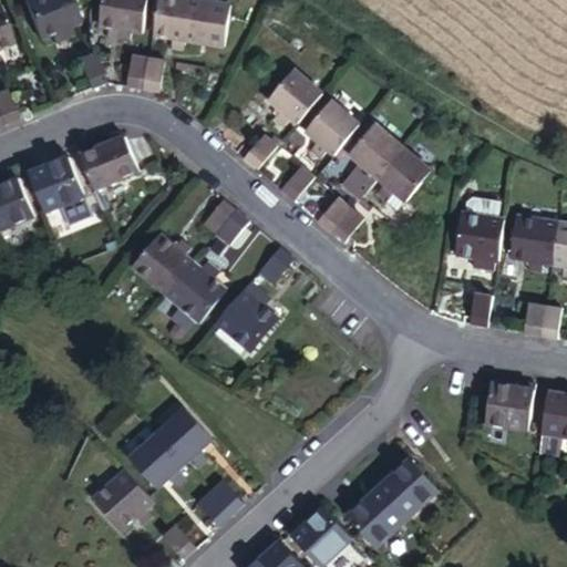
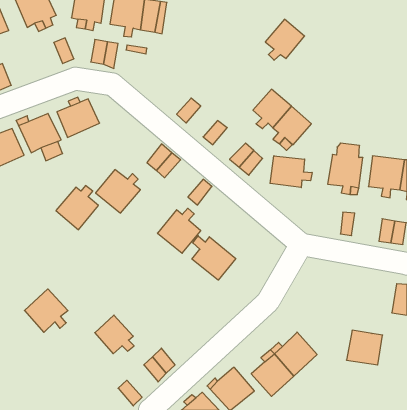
building: [267,69,322,126] -> none
building: [303,101,358,157] -> [265,19,305,60]
building: none -> [270,156,312,188]
building: [166,259,225,320] -> [56,186,98,230]
building: none -> [192,236,236,280]
building: [483,381,533,429] -> [346,330,383,365]
building: [157,410,210,466] -> none
building: [93,470,153,529] -> [24,289,68,332]

